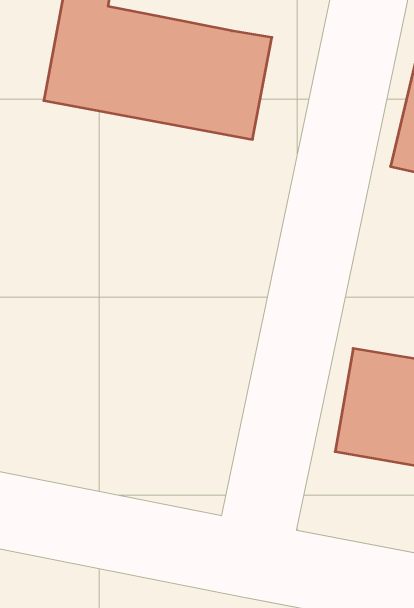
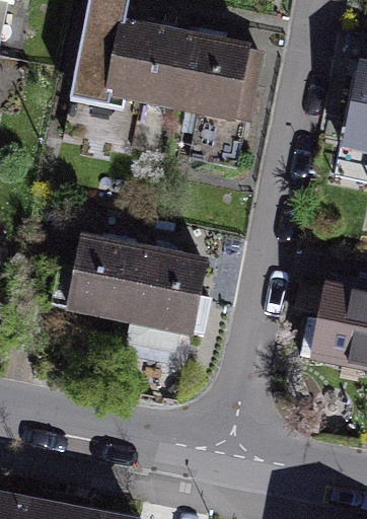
building: none -> [60,236,216,343]

